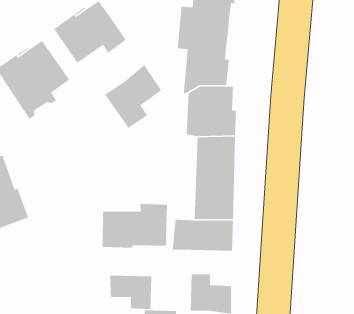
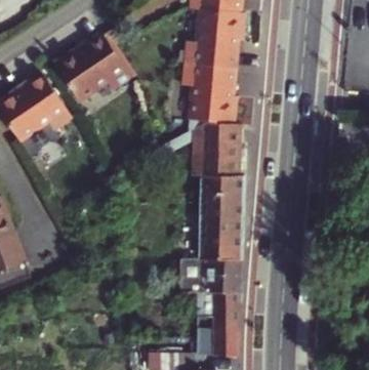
building: [104,64,162,129] -> none
building: [102,203,168,248] -> none
building: [109,275,152,310] -> [196,293,240,329]

